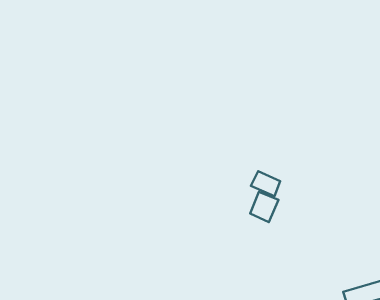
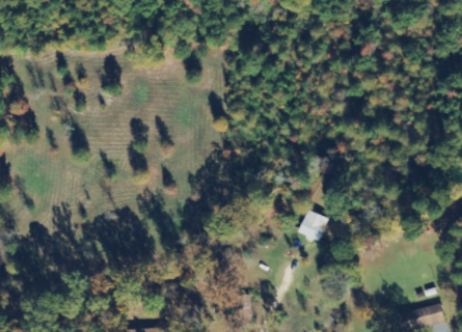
building: [251,171,280,196] -> none

